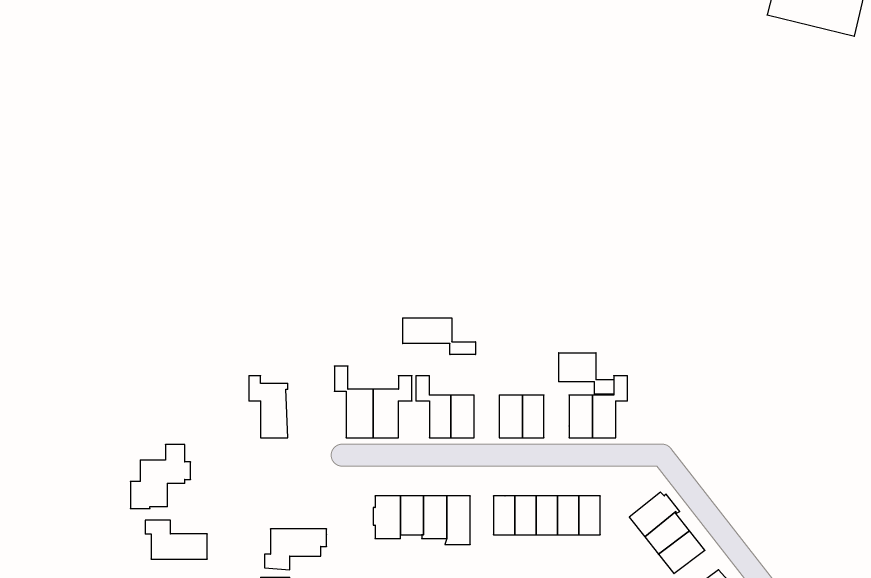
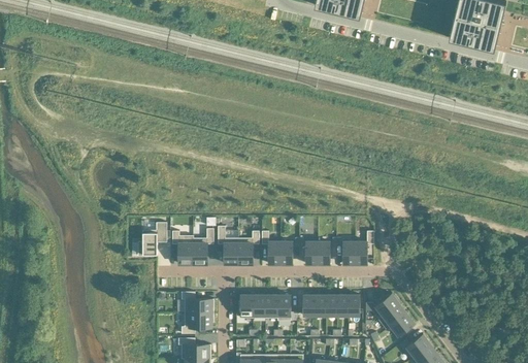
building: [403,318,475,355] -> none
building: [559,353,614,394] -> none
building: none -> [193,227,214,263]
building: [130,445,191,509] -> [138,221,170,255]
building: [145,520,207,559] -> [182,291,214,311]

